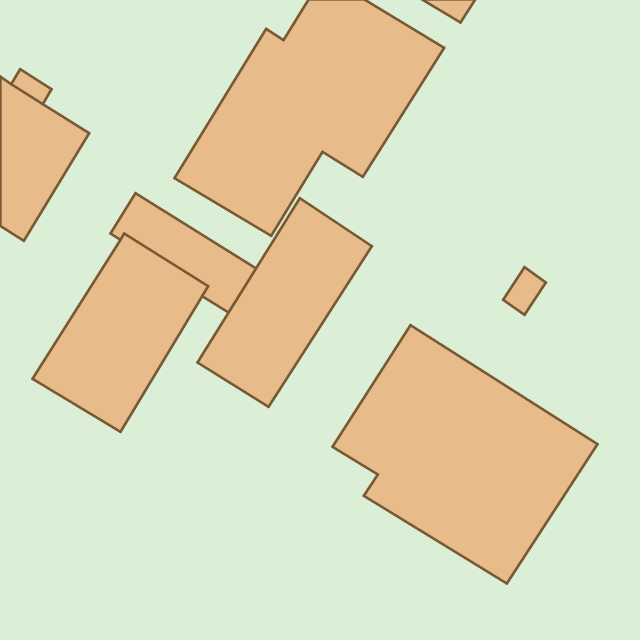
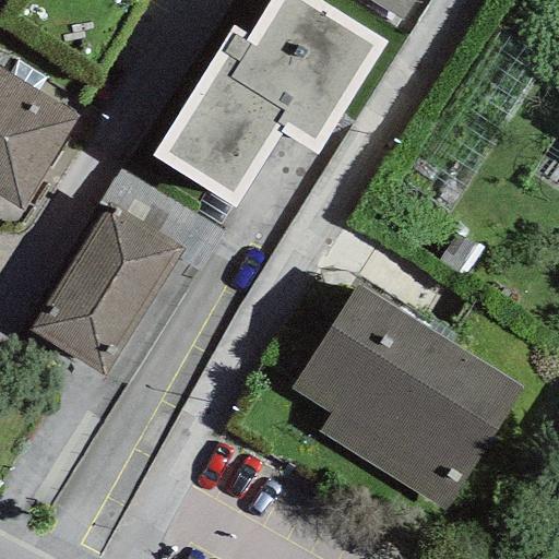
building: [197,198,372,407] -> none

